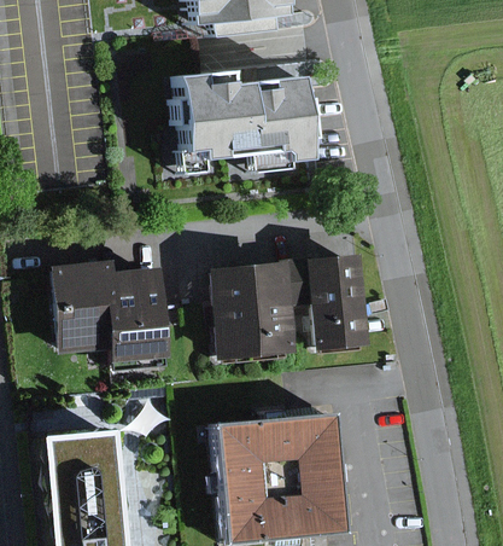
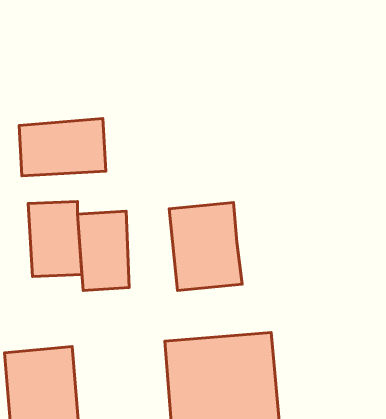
building: [166,71,316,180] -> none
building: none -> [19,119,106,176]
building: [289,255,372,356] -> none

